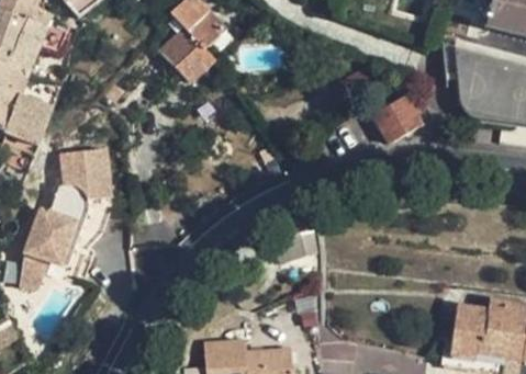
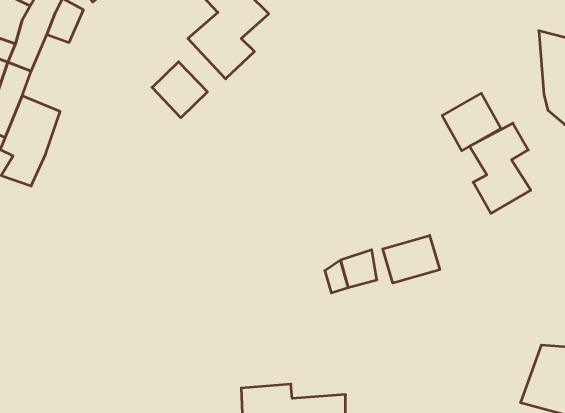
building: none -> [152,62,207,118]
building: none -> [469,123,531,213]
building: [19,146,112,286] -> none
building: none -> [383,235,440,283]

